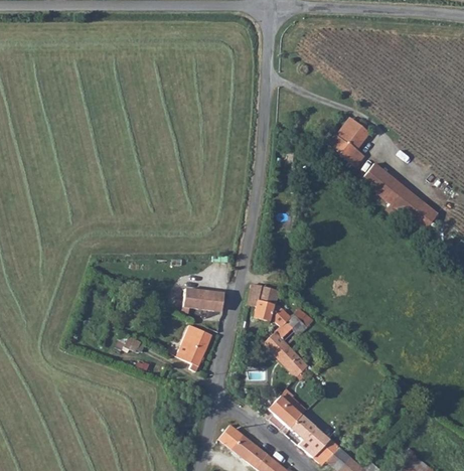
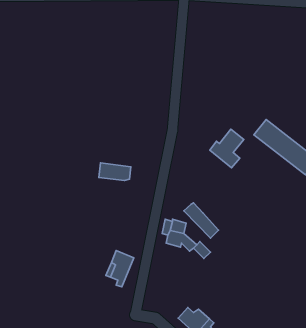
building: [326,120,368,168] -> [210,129,244,168]
building: [184,289,224,311] -> [99,163,131,181]
building: [264,333,307,377] -> [184,203,218,238]

